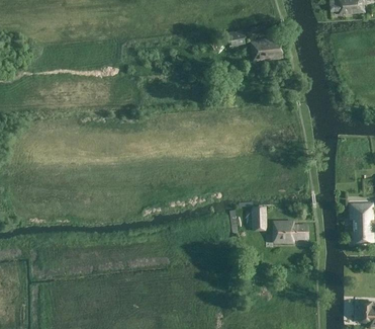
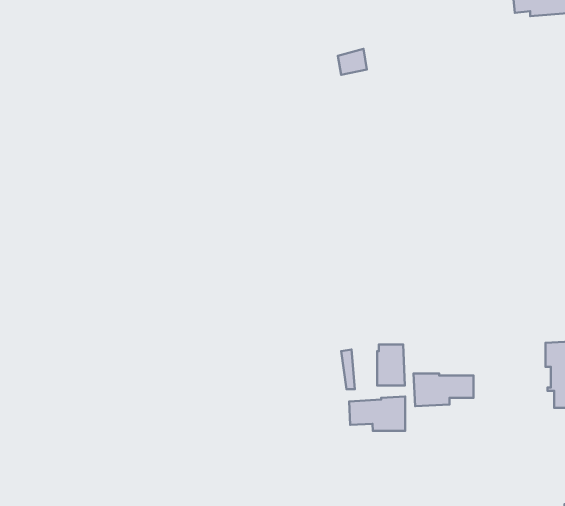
building: [250,35,282,61] -> none
building: none -> [349,396,405,431]

